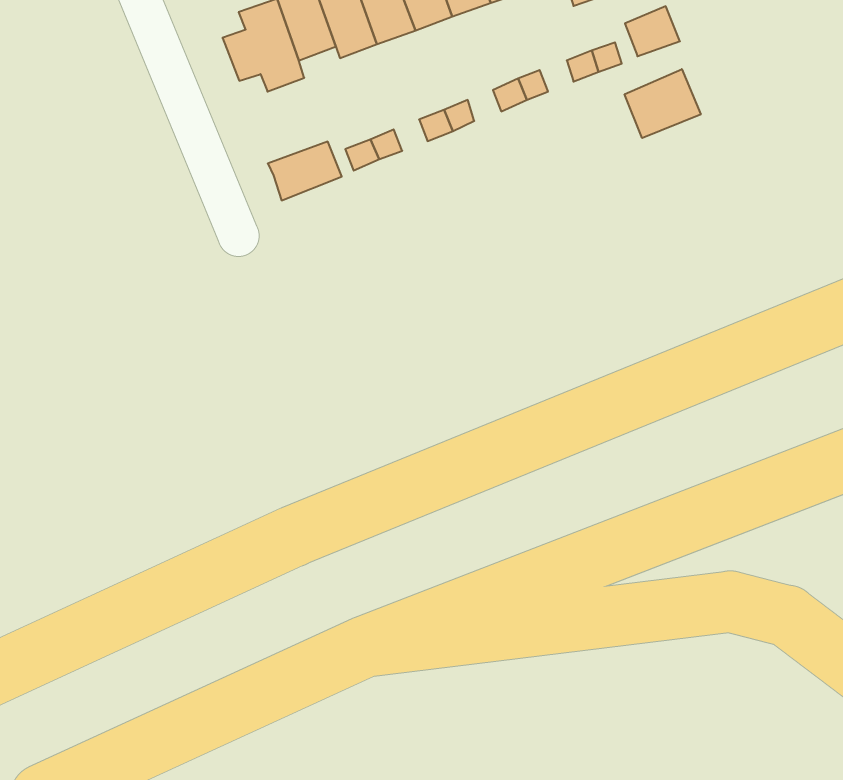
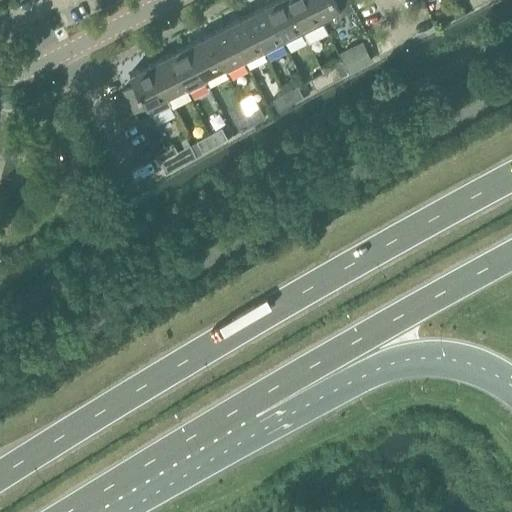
building: [625,69,701,138] -> none

